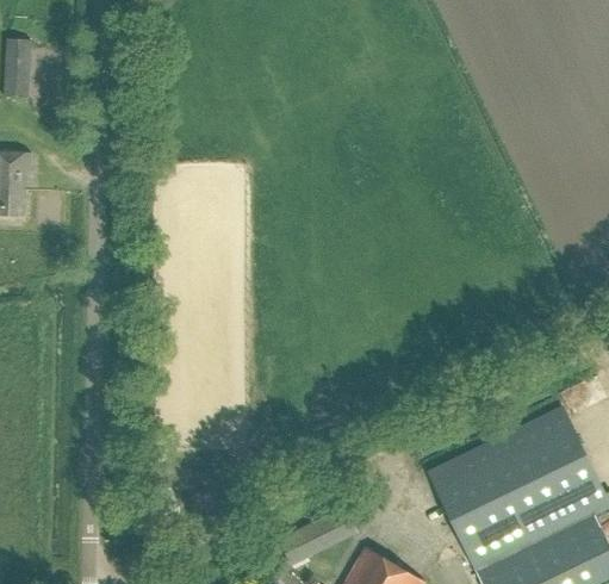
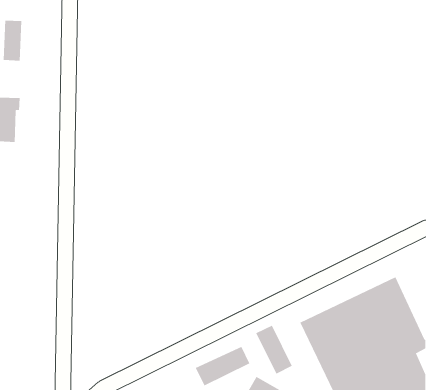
building: none -> [256,325,292,374]

